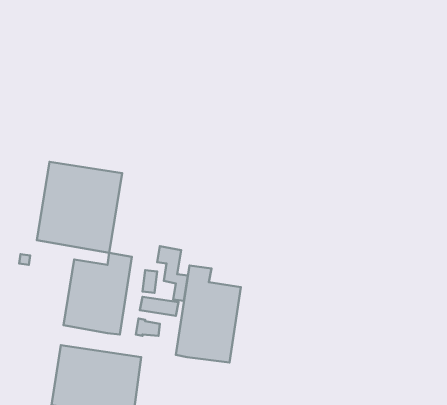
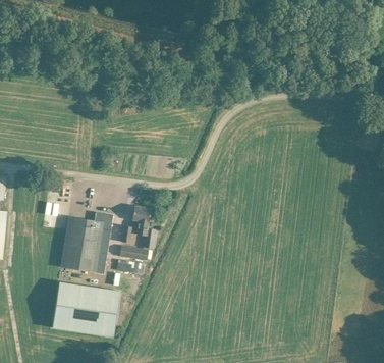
building: [37,162,122,253] -> none
building: [176,266,241,363] -> none

